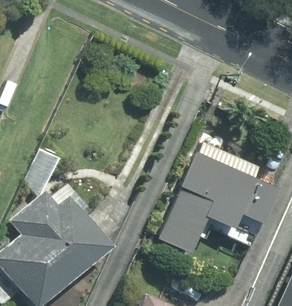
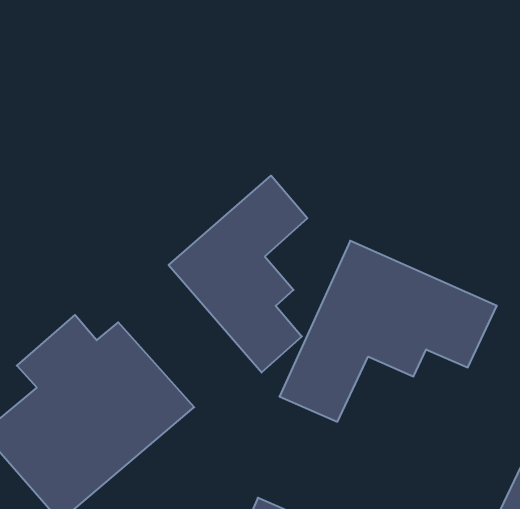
building: none -> [169,176,307,373]

